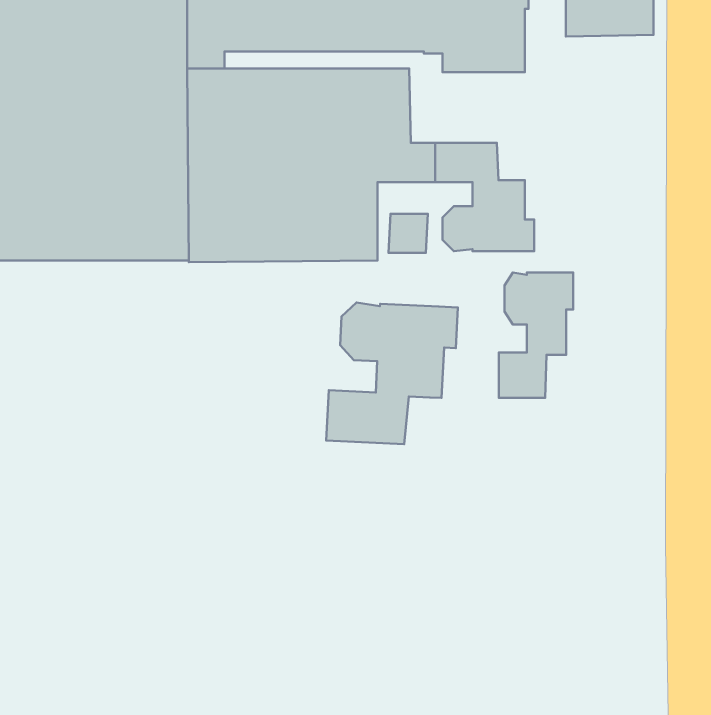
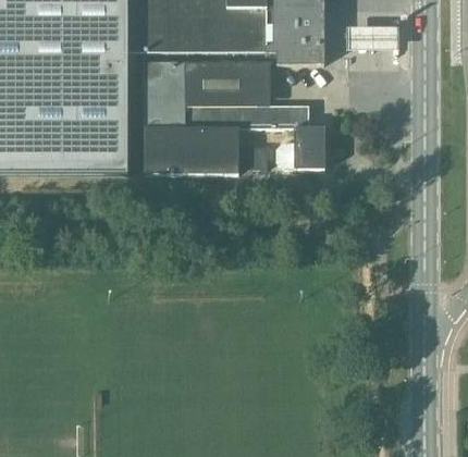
building: [499,273,573,398] -> none
building: [326,303,458,444] -> none

